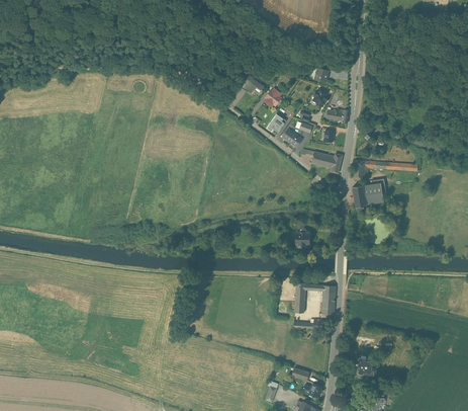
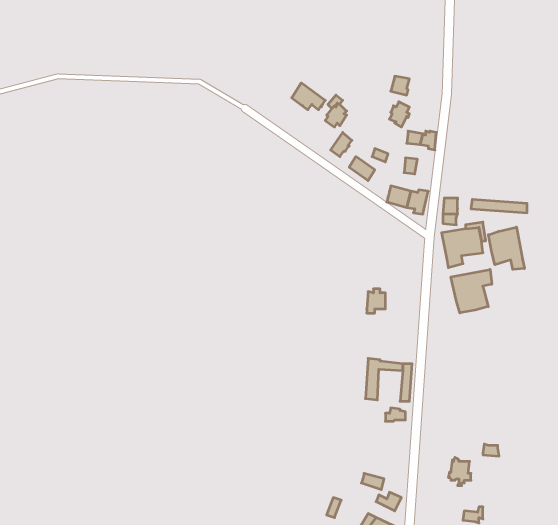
building: none -> [488,227,524,269]
building: none -> [451,269,492,313]

